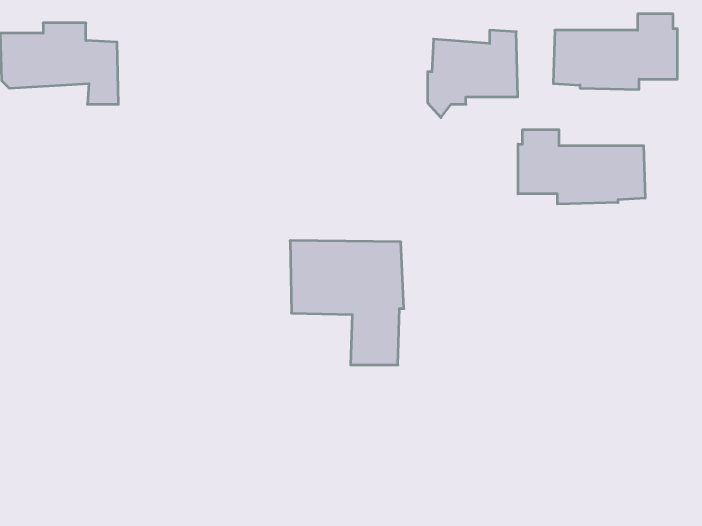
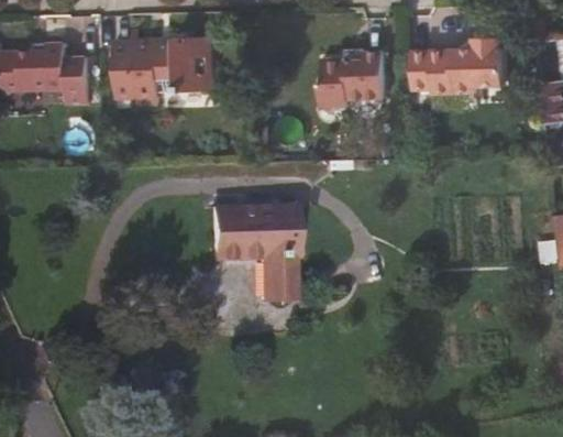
building: none -> [114,36,210,100]
building: [518,130,645,204] -> none

